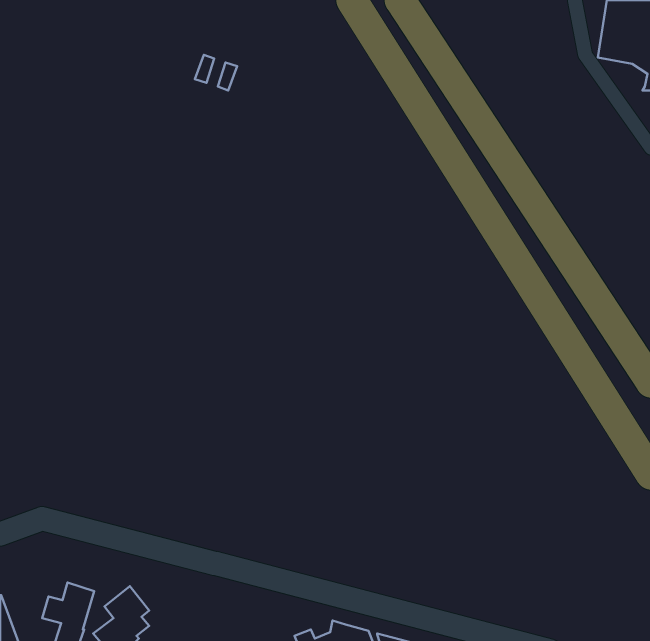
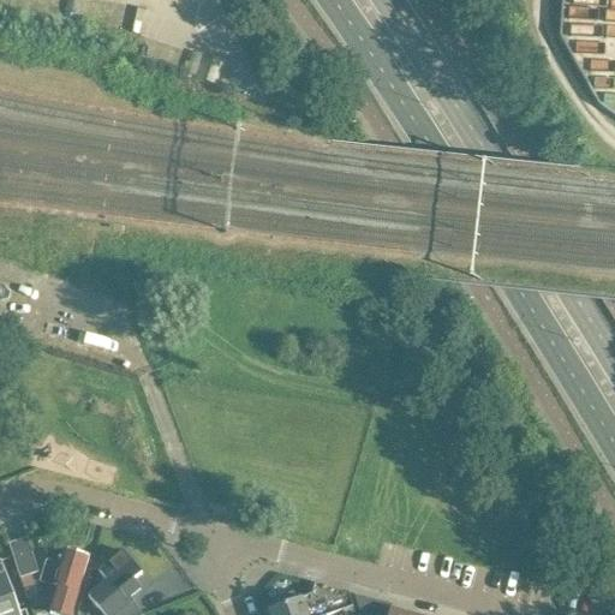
building: none -> [10,548,41,589]

